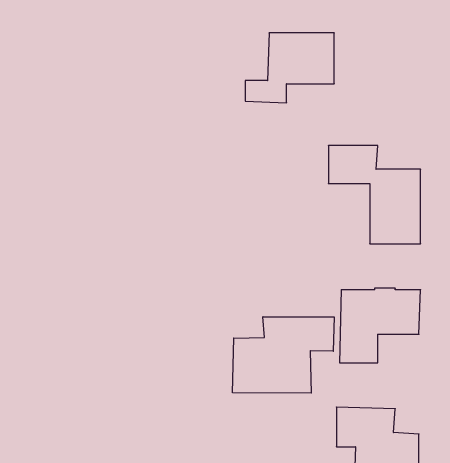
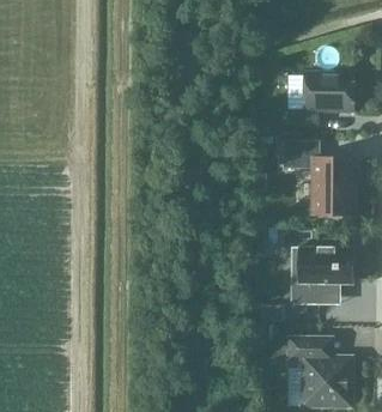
building: [245,33,334,103] -> [285,73,352,126]
building: [233,317,334,393] -> none

